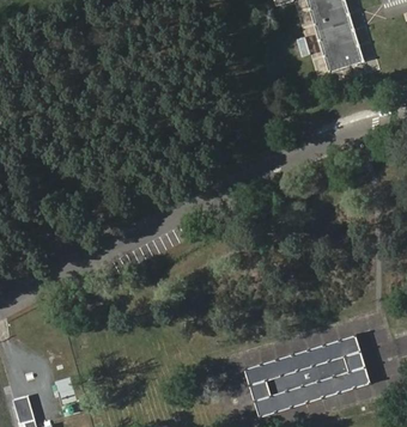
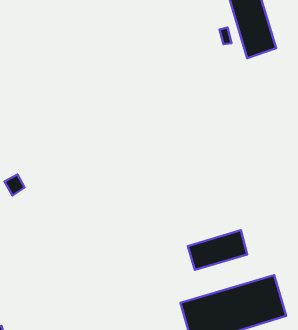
building: none -> [188,230,247,270]

